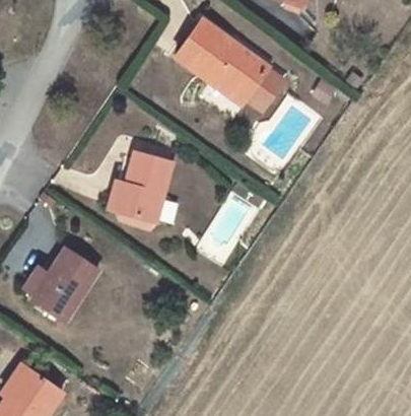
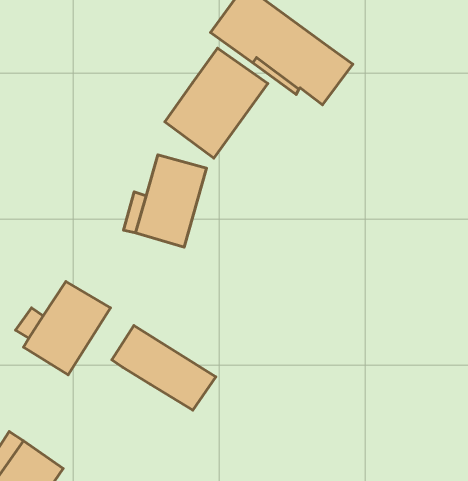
building: none -> [165,48,268,158]
building: none -> [112,325,216,410]

